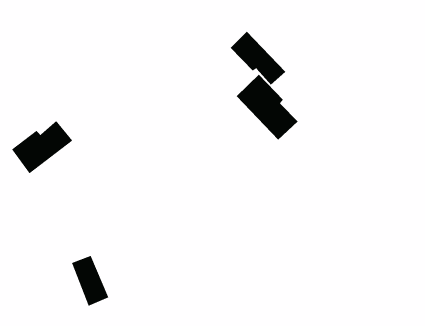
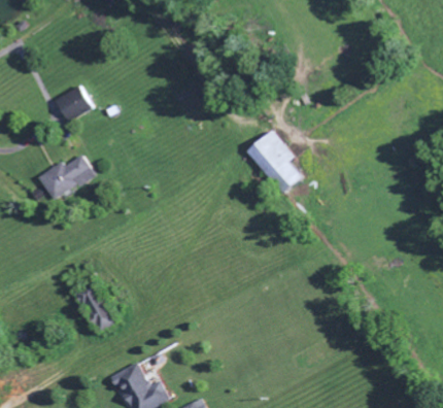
building: [230,31,286,85] -> none
building: none -> [50,86,90,122]

